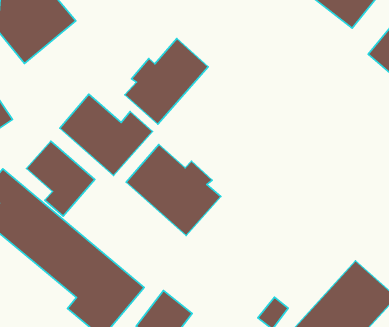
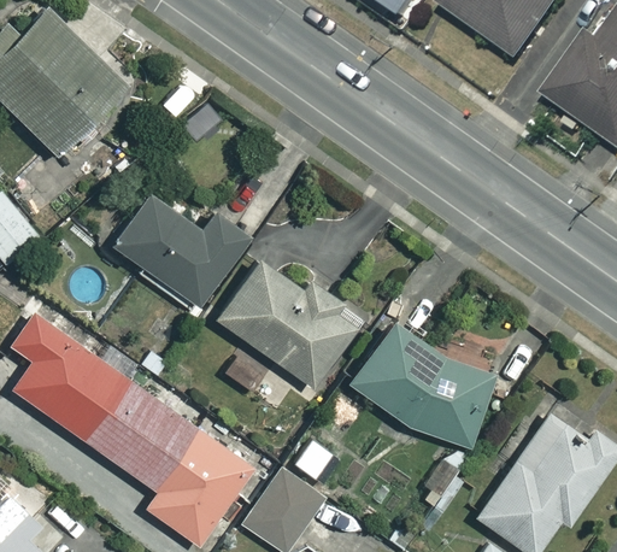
building: [125,38,208,124] -> none
building: [26,141,95,216] -> none
building: none -> [347,317,499,447]

